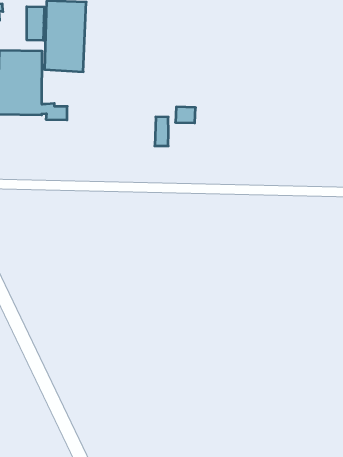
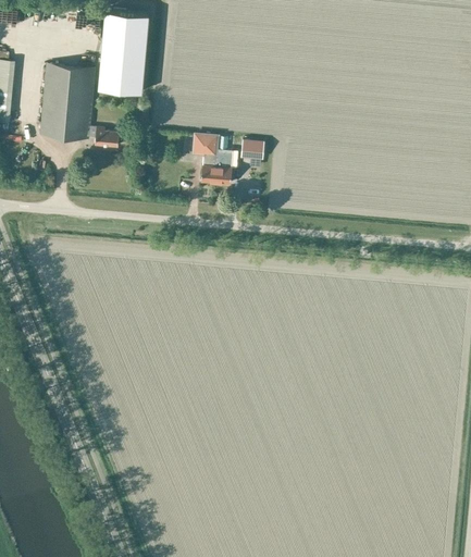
building: [27,7,44,40] -> none
building: none -> [193,137,219,185]

